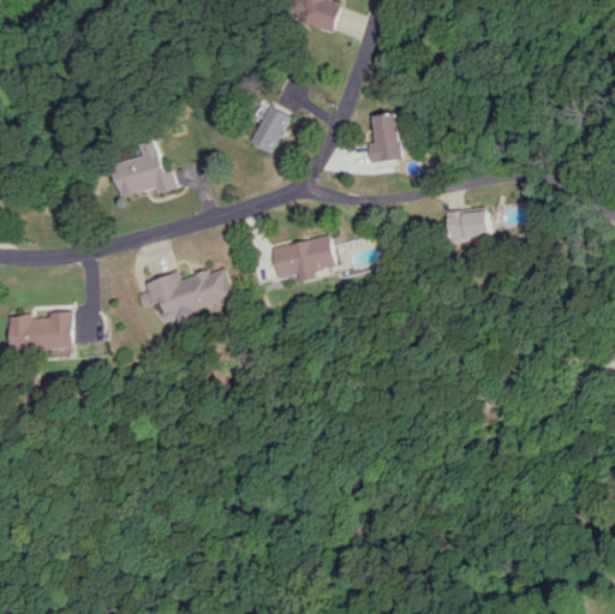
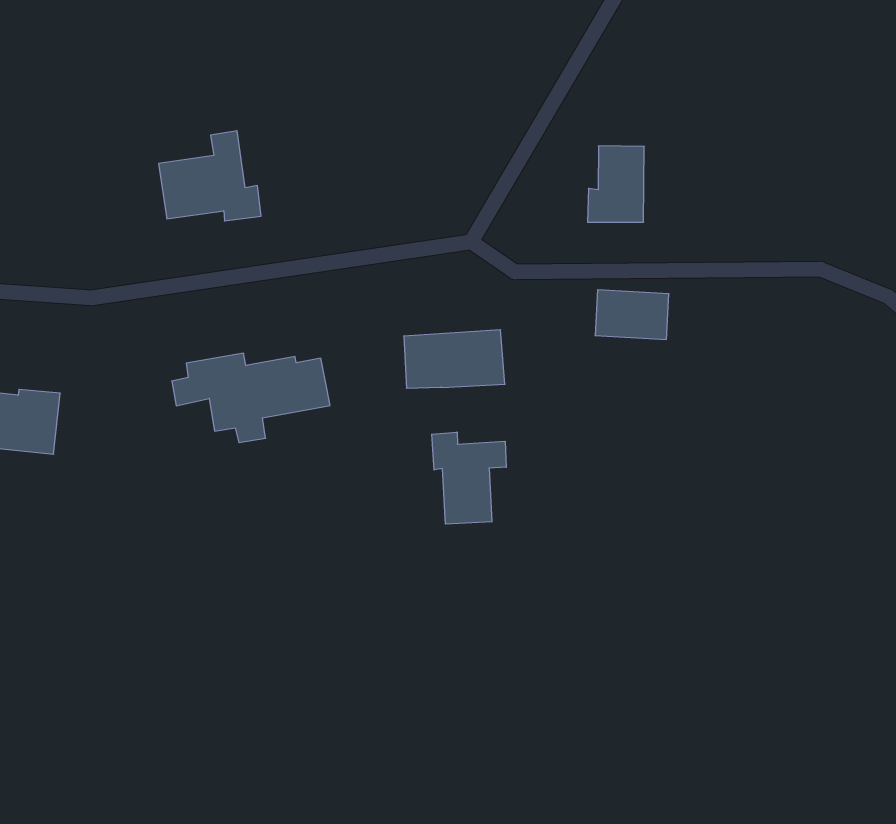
building: [249,101,288,153] -> none
building: [448,209,494,240] -> [595,290,669,339]
building: none -> [432,432,506,524]

